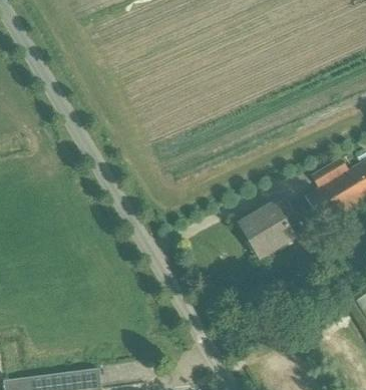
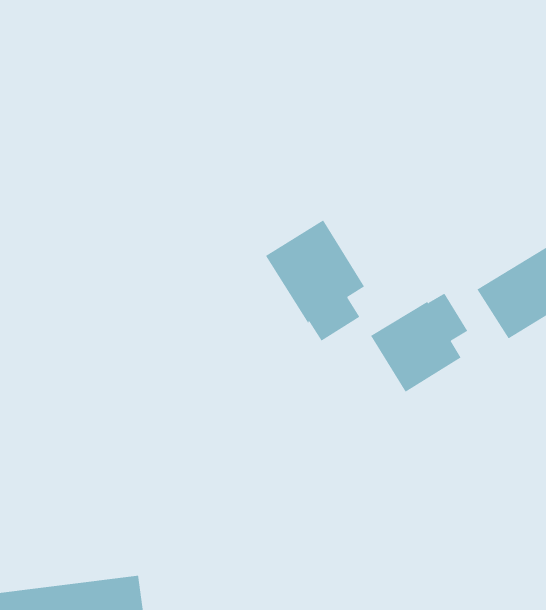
building: none -> [265,220,365,342]

